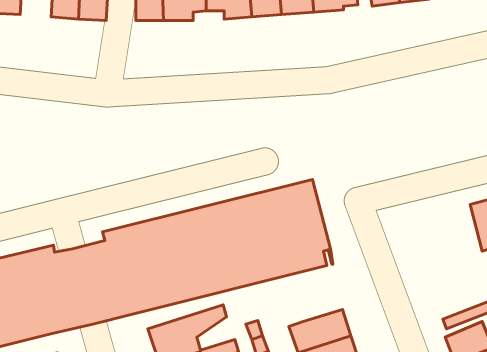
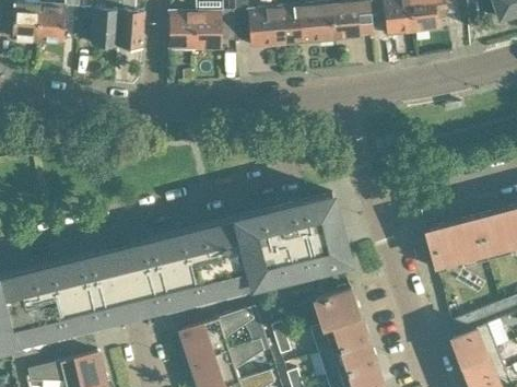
building: none -> [426,215,486,270]
building: none -> [315,285,359,322]

